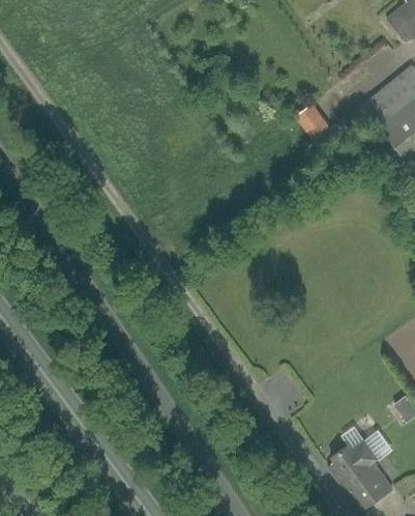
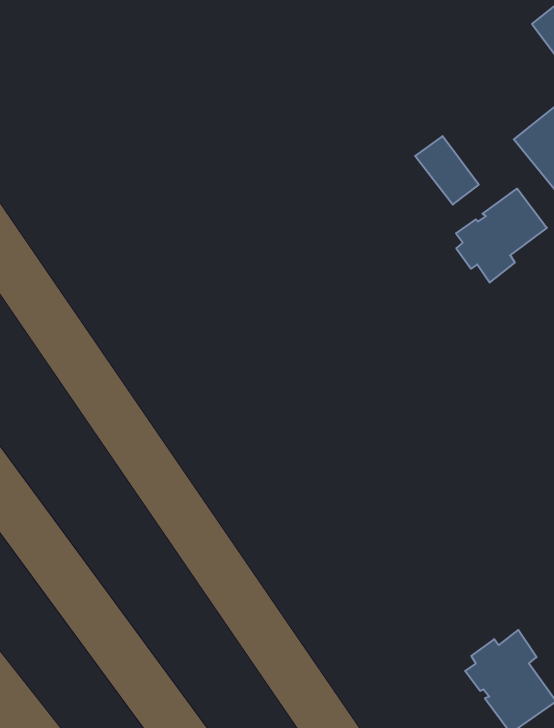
building: none -> [456,189,547,283]

